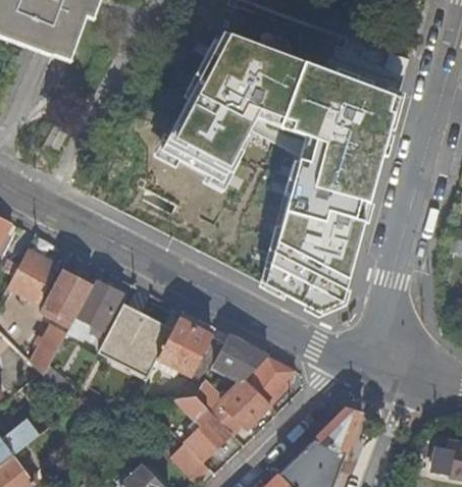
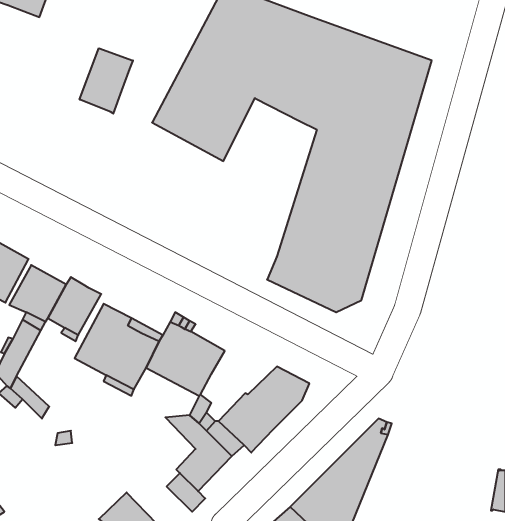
building: none -> [80,48,133,114]
building: [213,334,268,379] -> none

